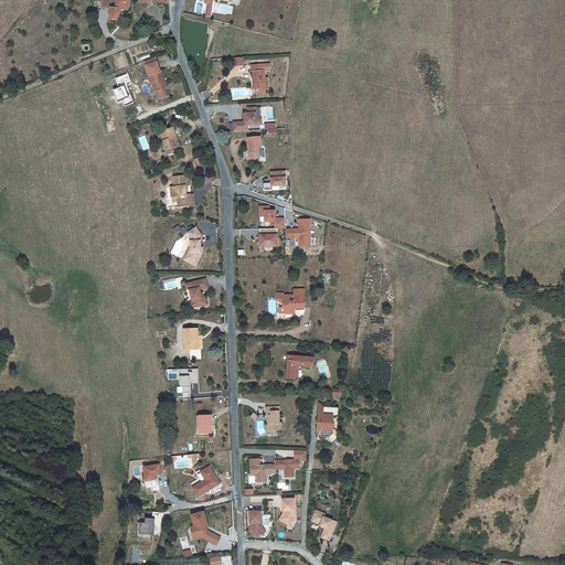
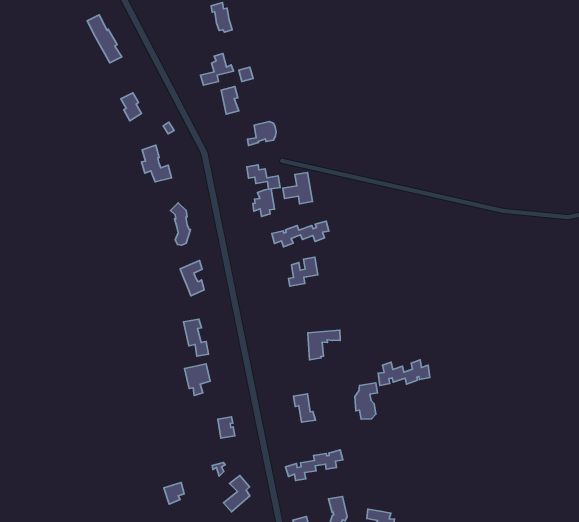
building: none -> [272,221,329,247]
building: none -> [378,360,430,385]

